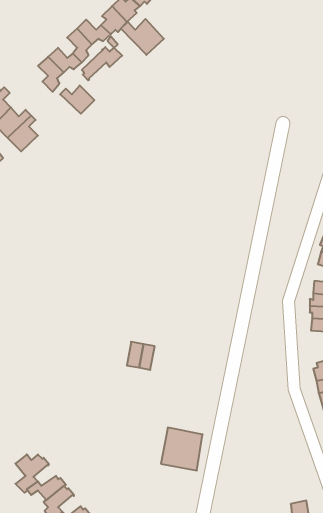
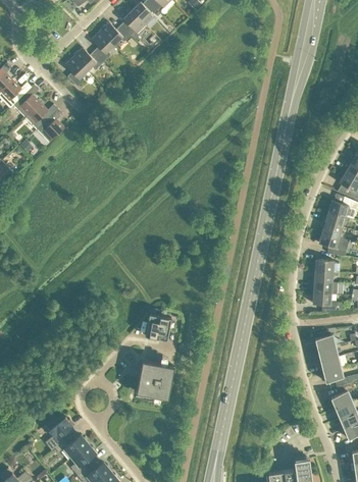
building: [121,19,164,55] -> none
building: [82,47,122,80] -> none
building: [60,85,94,114] -> none
building: [161,428,203,470] -> [136,361,173,399]

